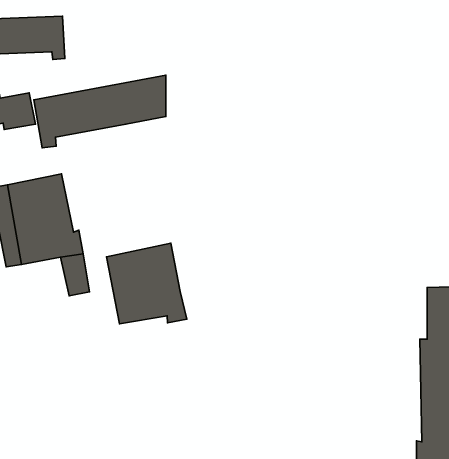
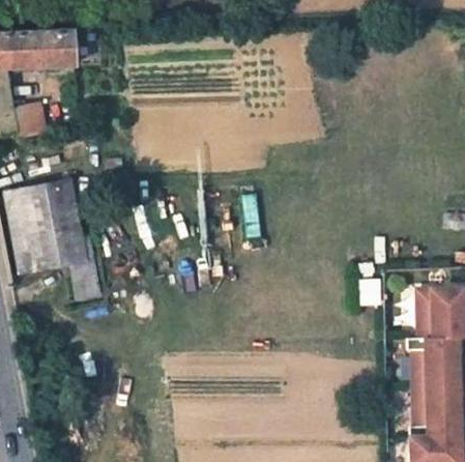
building: [34,75,166,148] -> none
building: [107,243,187,324] -> none

